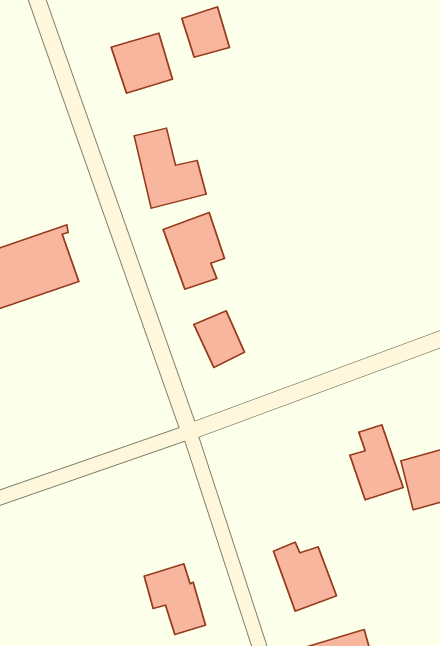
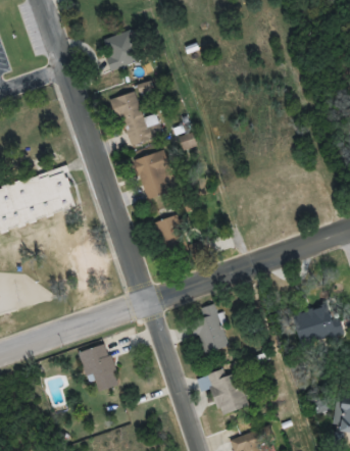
building: [182,7,230,57] -> none
building: [350,425,403,500] -> [193,305,229,355]
building: [144,564,205,634] -> [82,336,122,383]

